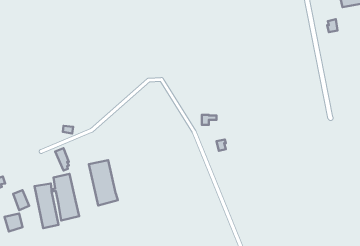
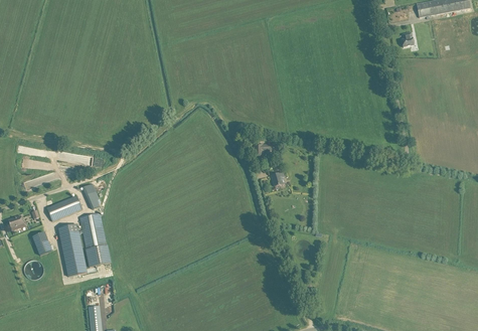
building: none -> [46,194,82,220]
building: [89,160,118,205] -> none

